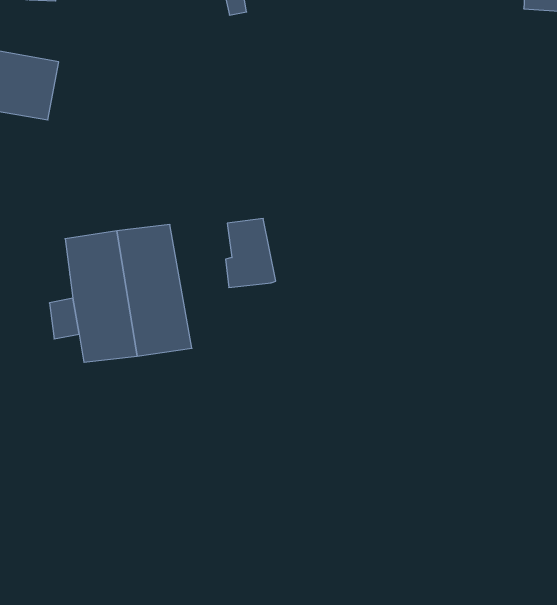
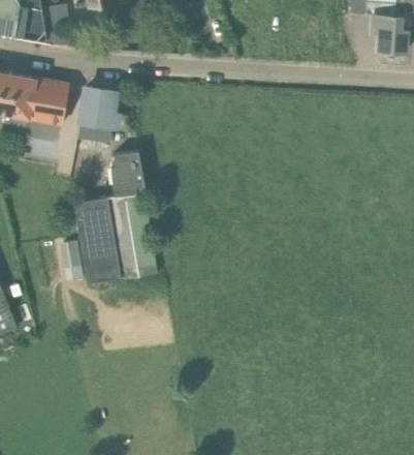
building: none -> [78,88,116,141]
building: [226,219,276,287] -> [113,150,146,195]

